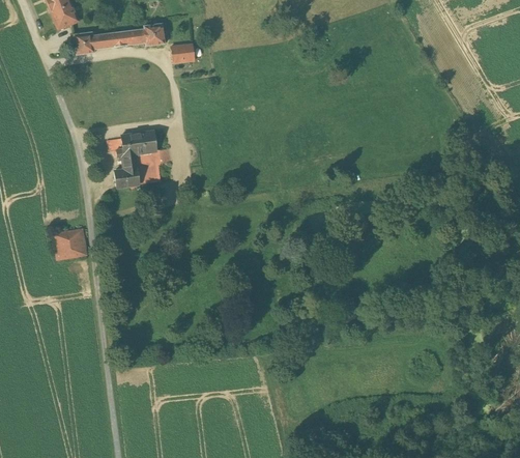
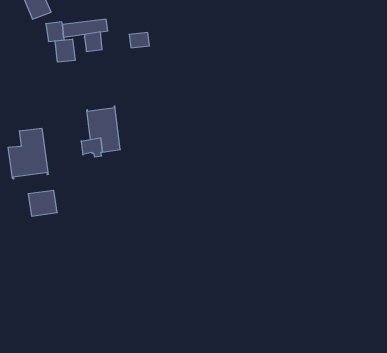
building: [144,23,165,46] -> [84,32,102,51]
building: none -> [55,39,75,62]
building: none -> [8,128,48,179]

